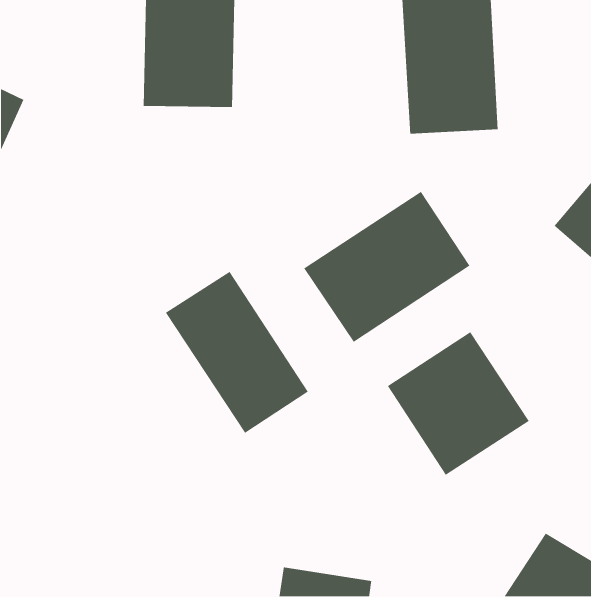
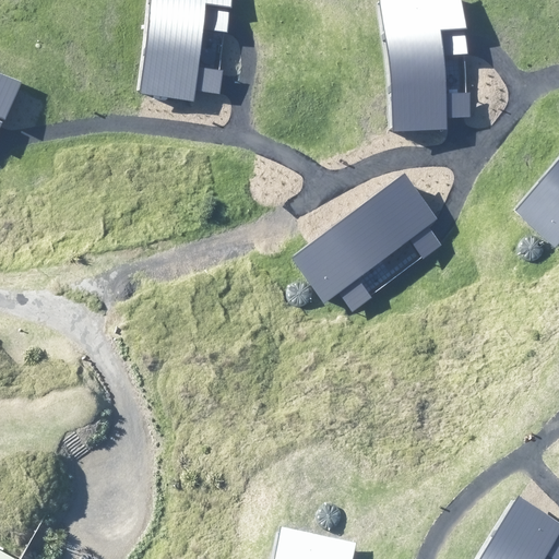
building: [165,271,309,434] -> none
building: [387,331,530,476] -> none

